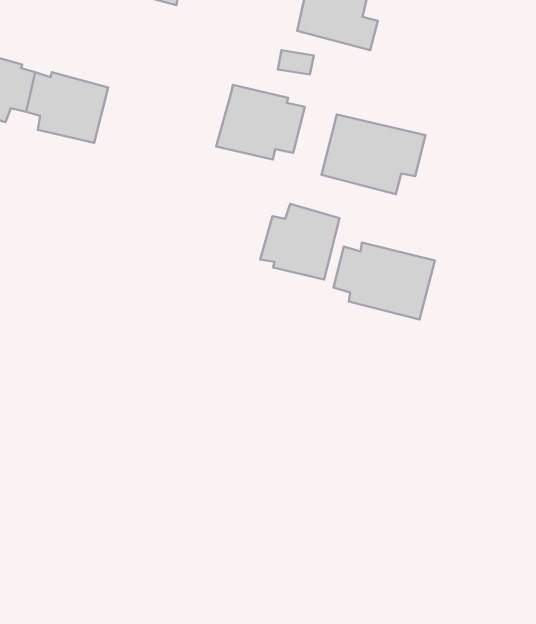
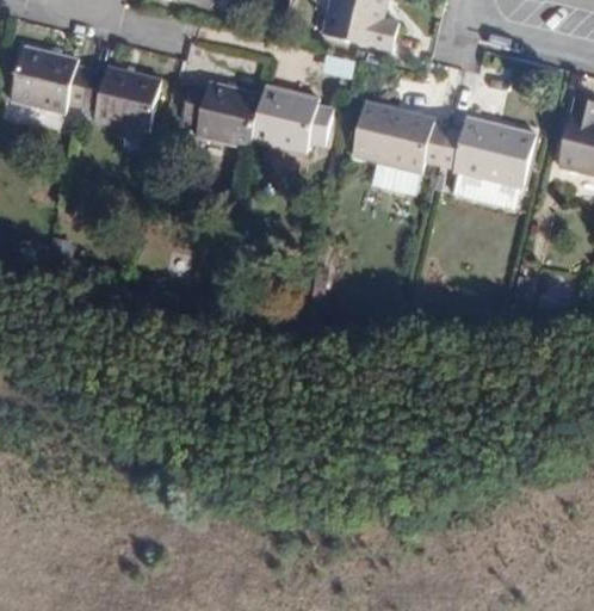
building: none -> [187,73,267,144]
building: [260,204,340,280] -> none
building: [334,242,435,320] -> [438,123,532,195]

